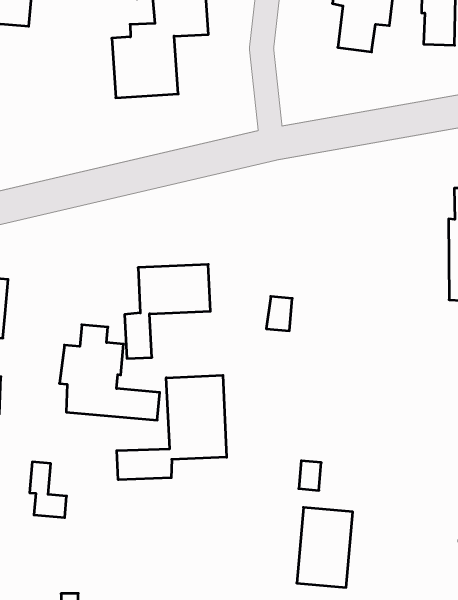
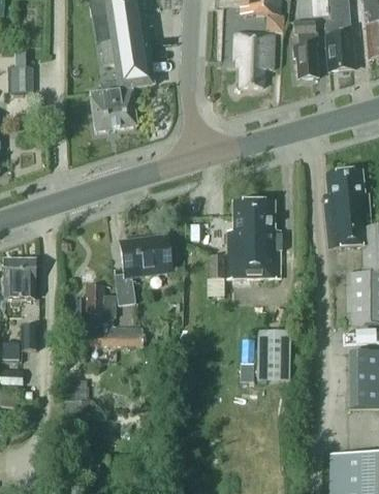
building: none -> [228,200,280,277]
building: [117,375,227,480] -> none
building: [297,507,353,587] -> [257,329,290,379]

